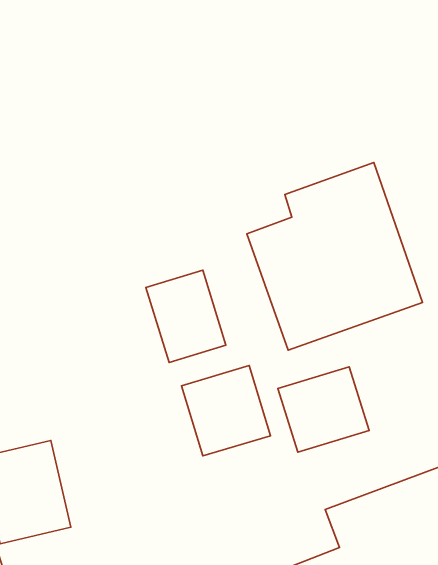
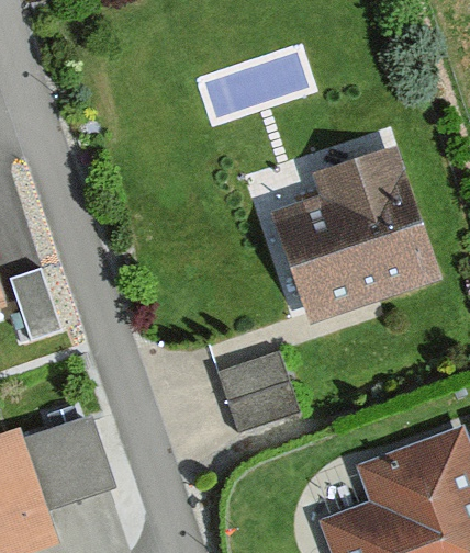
building: [146,270,226,362] -> none
building: [278,367,369,452] -> none

